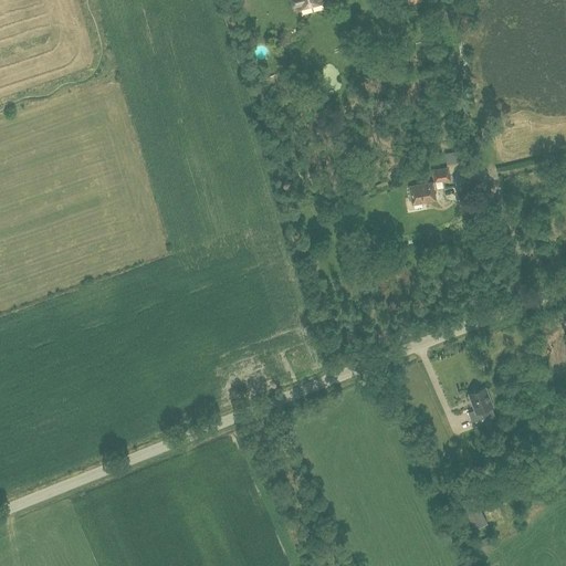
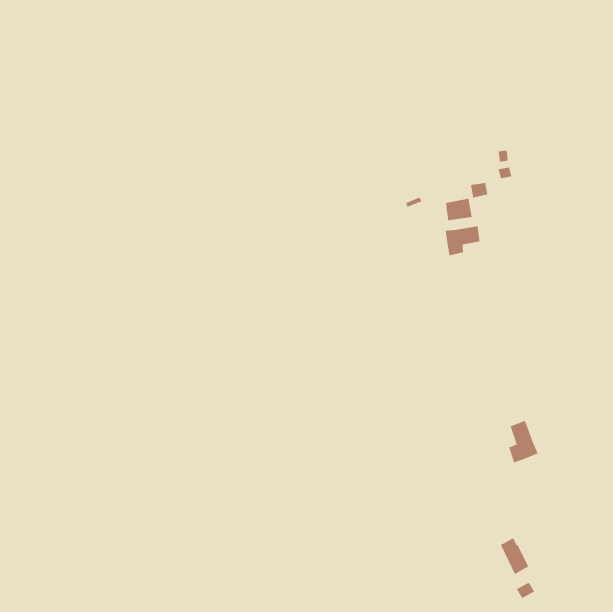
building: none -> [445,226,480,256]

